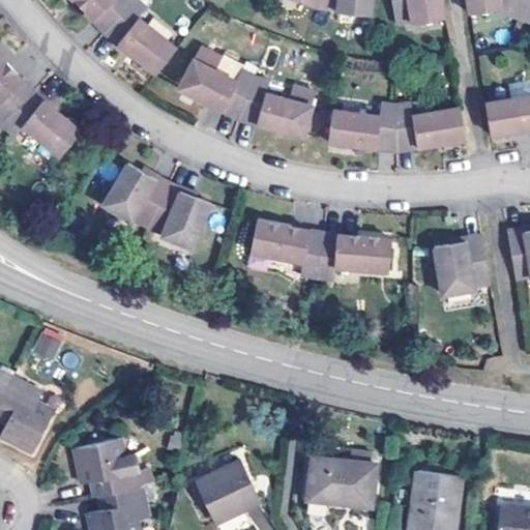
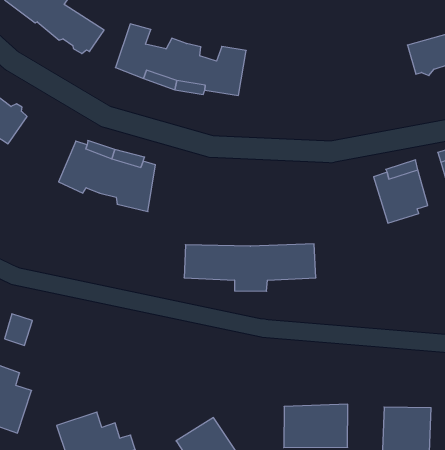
building: [328,101,466,147] -> none
building: [251,215,389,273] -> [184,244,316,291]

